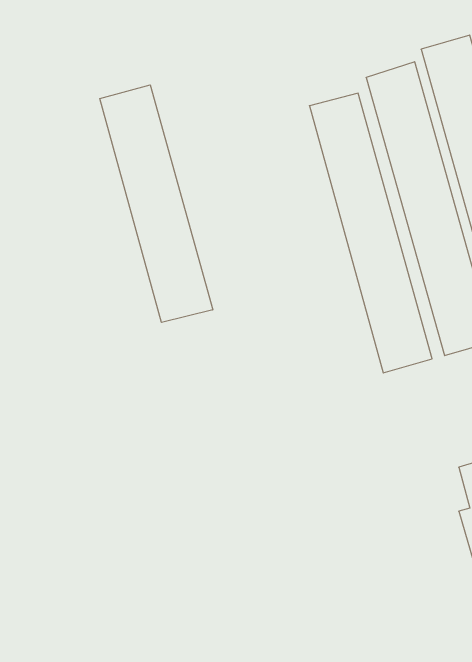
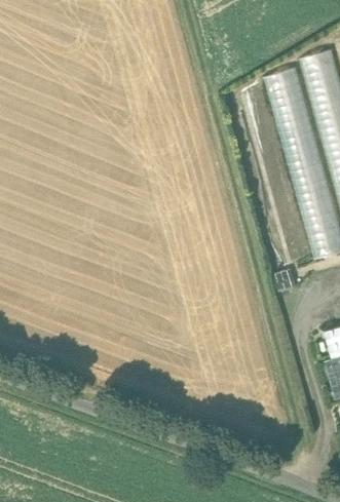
building: [100,85,213,322] -> none

